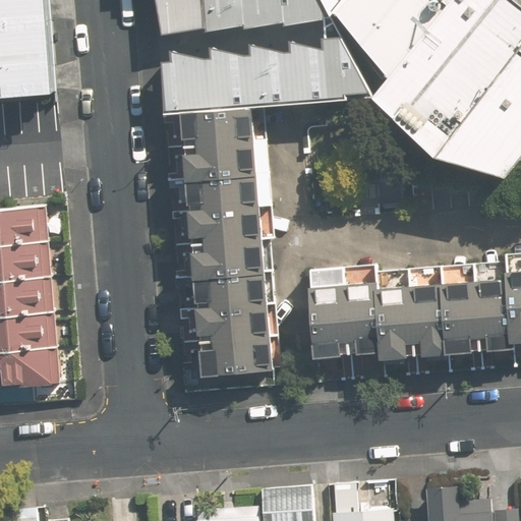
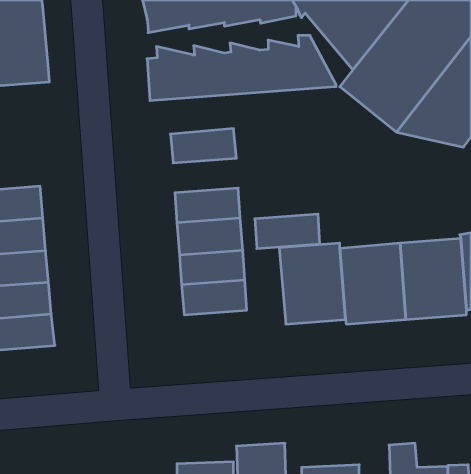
building: [183,107,255,149] -> none
building: [189,175,260,213] -> [255,214,320,249]
building: [201,341,273,379] -> none

